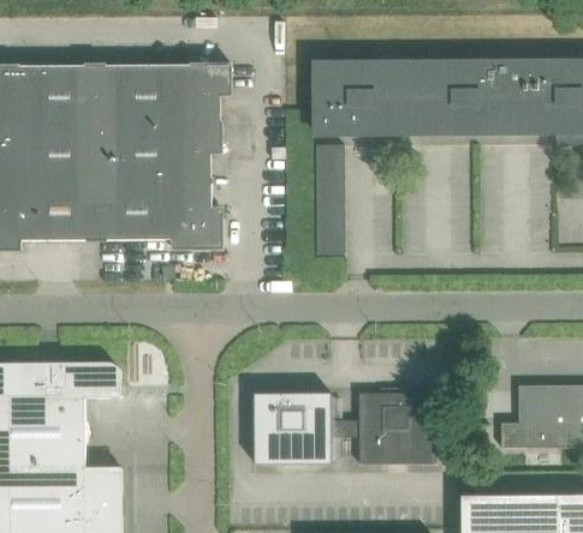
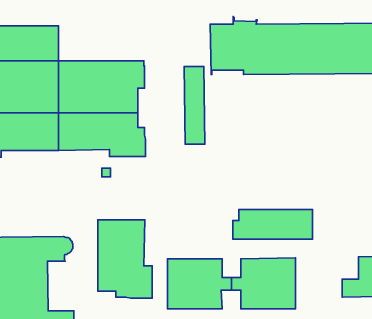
building: [100,65,231,115] -> none
building: [315,145,344,254] -> [184,67,205,144]
building: none -> [233,210,312,239]
building: none -> [98,220,152,298]

